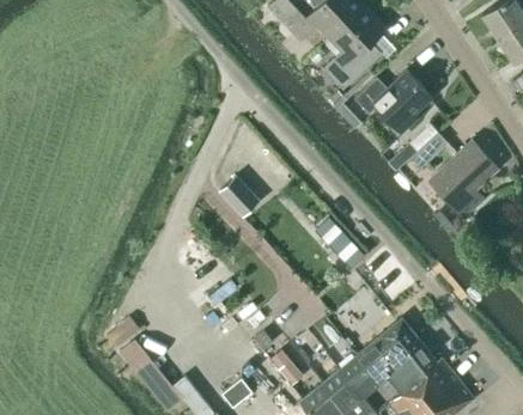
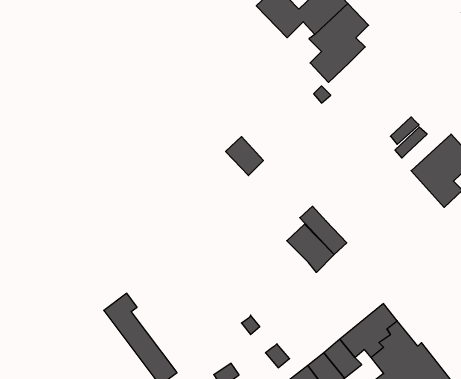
building: [354,72,432,134] -> none
building: [220,177,260,218] -> [226,137,263,176]
building: none -> [287,224,334,272]

